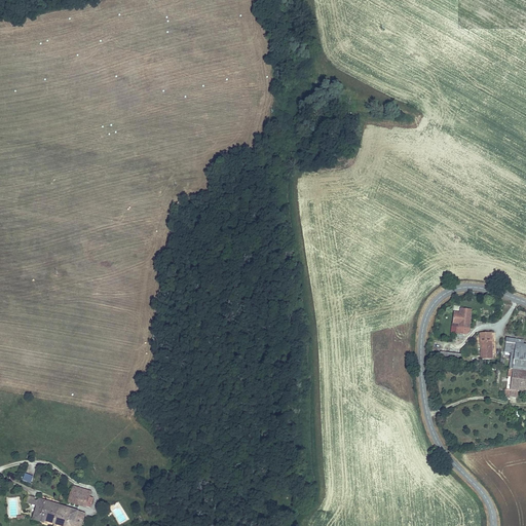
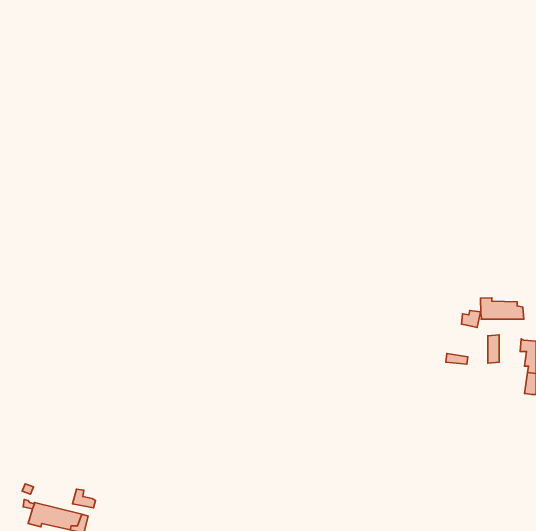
building: none -> [480,298,524,319]

